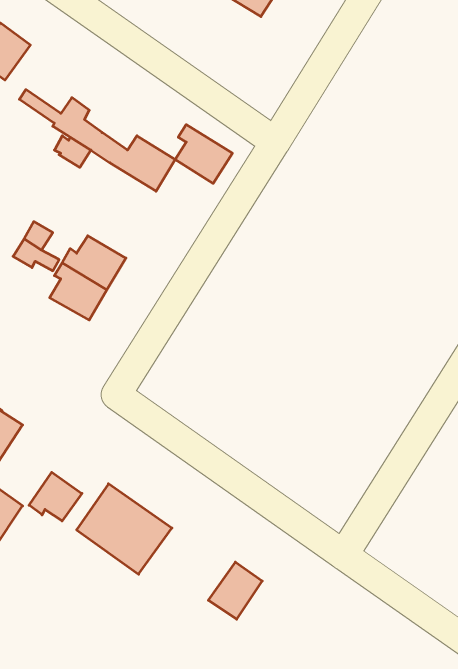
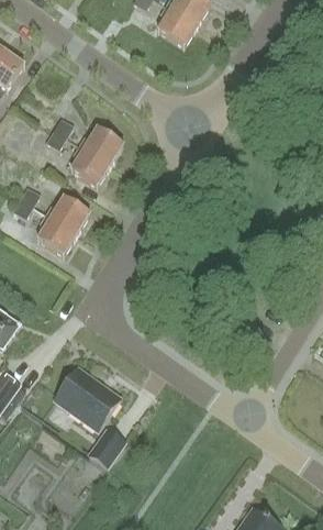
building: [175,125,232,183] -> [73,146,112,187]
building: [29,472,82,521] -> none
building: [208,562,262,619] -> [88,428,125,467]

